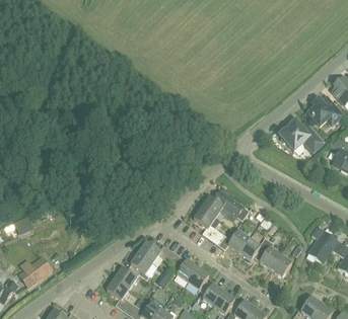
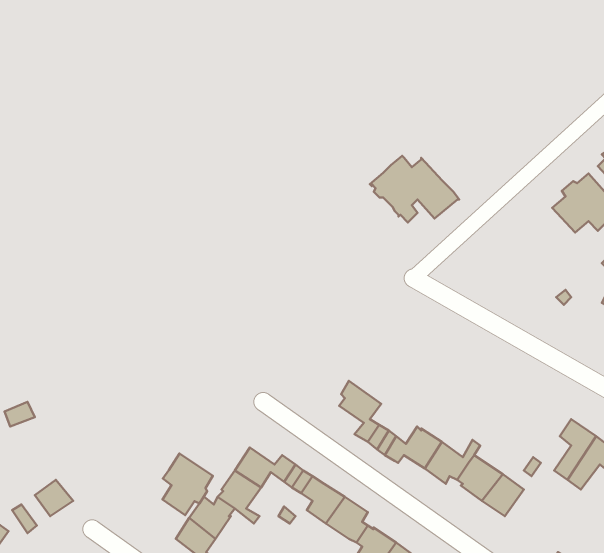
building: [278,118,326,154] -> [370,156,459,222]
building: [199,189,243,217] -> none
building: none -> [162,454,213,515]

